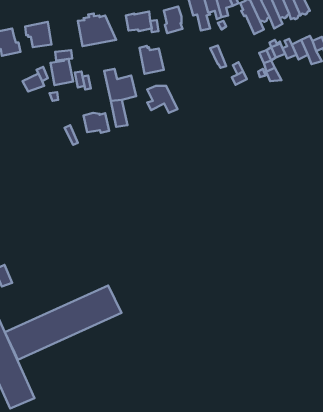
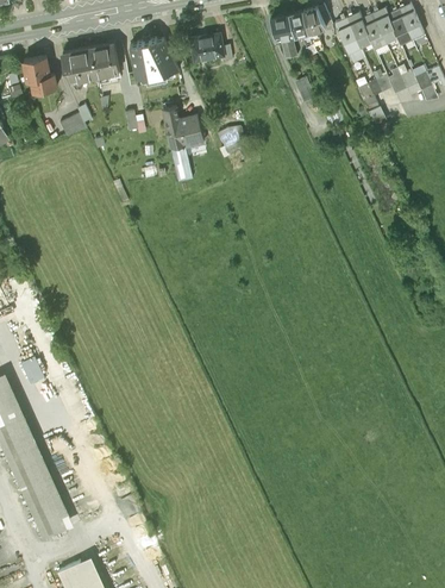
building: [164,6,182,33] -> none
building: [140,46,164,74] -> none
building: [51,59,73,85] -> [90,44,119,77]
building: [84,113,109,133] -> none
building: [5,285,121,360] -> none

